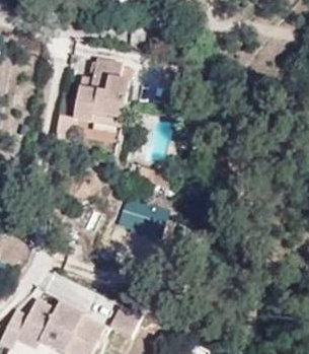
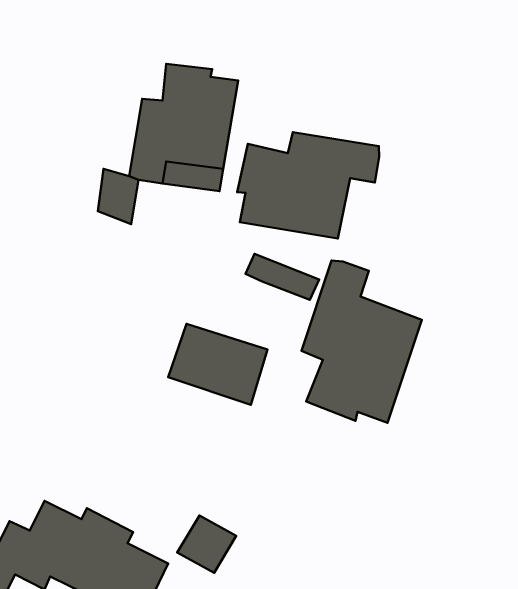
building: none -> [237,132,379,238]
building: none -> [302,261,422,423]

